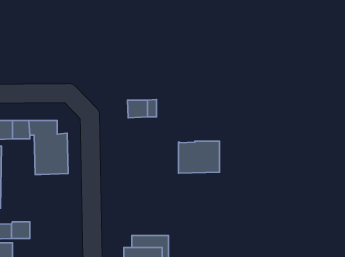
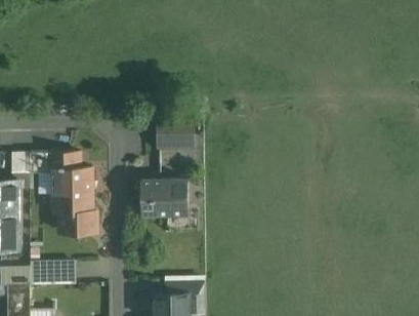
building: [178,141,220,173] -> [140,179,186,214]
building: none -> [58,211,95,238]
building: none -> [48,262,75,284]

